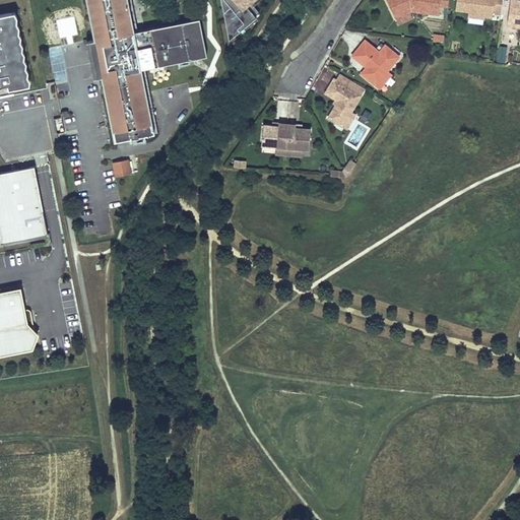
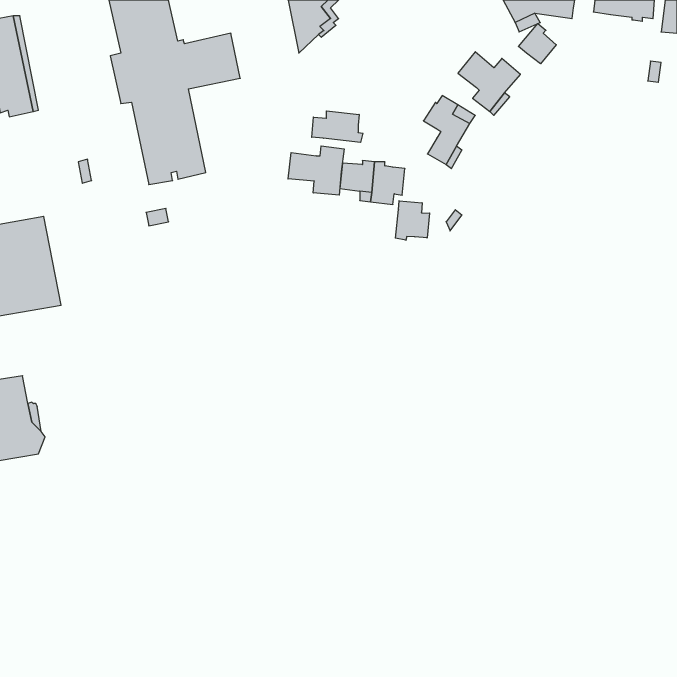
building: none -> [518,24,556,64]
building: [177,19,205,61] -> none
building: none -> [312,111,363,142]
building: none -> [288,146,344,195]
building: none -> [395,201,430,240]

